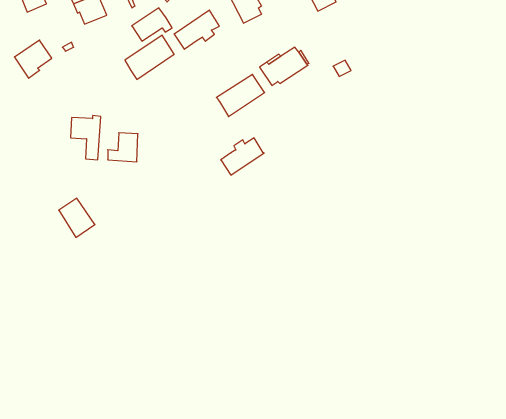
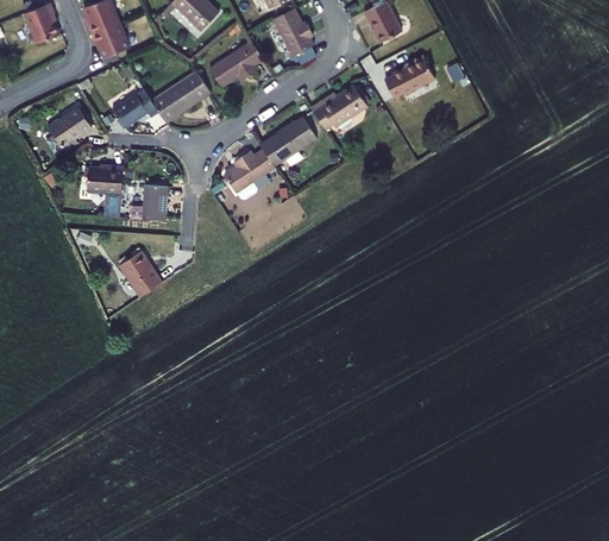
building: [132,8,172,41] -> [111,88,158,127]
building: none -> [384,56,434,97]
building: [14,40,52,78] -> [48,106,92,151]
building: [221,138,264,175] -> [224,149,275,193]
building: [59,198,95,237] -> [119,251,162,297]

